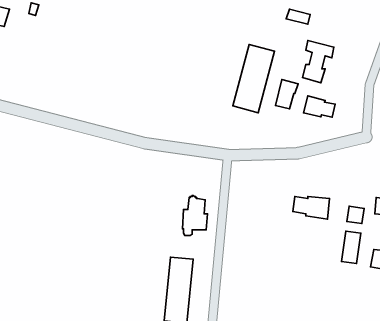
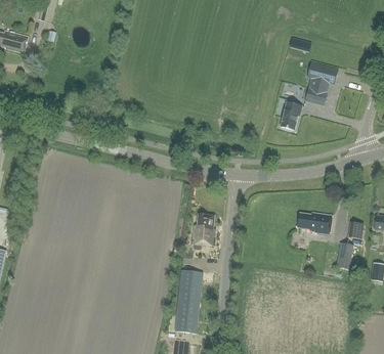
building: [233,44,275,113] -> none
building: [303,96,335,117] -> none

